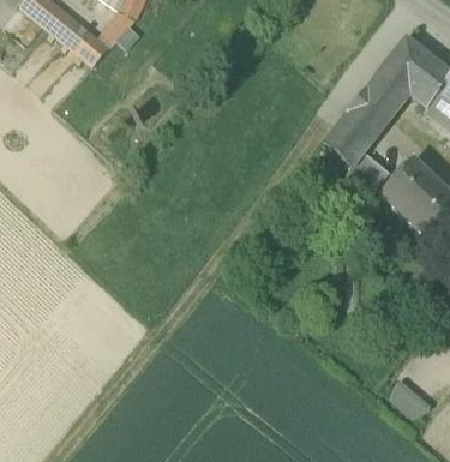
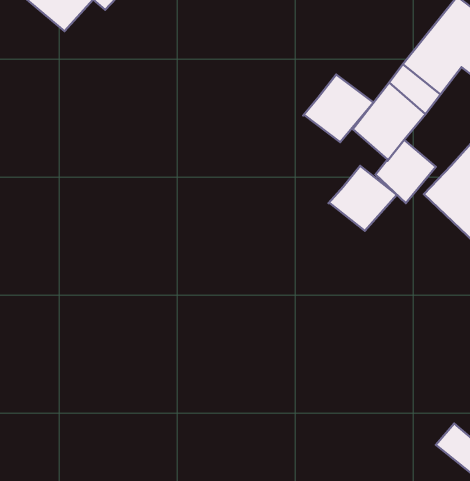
building: none -> [303,75,373,142]
building: none -> [329,166,397,231]

